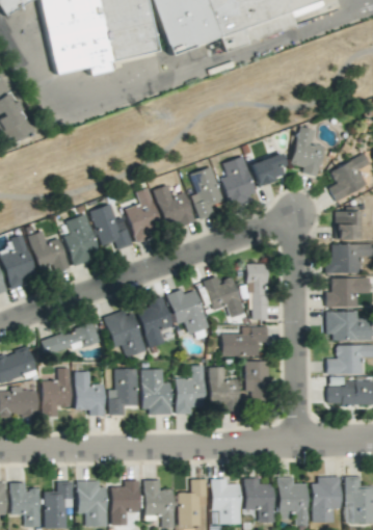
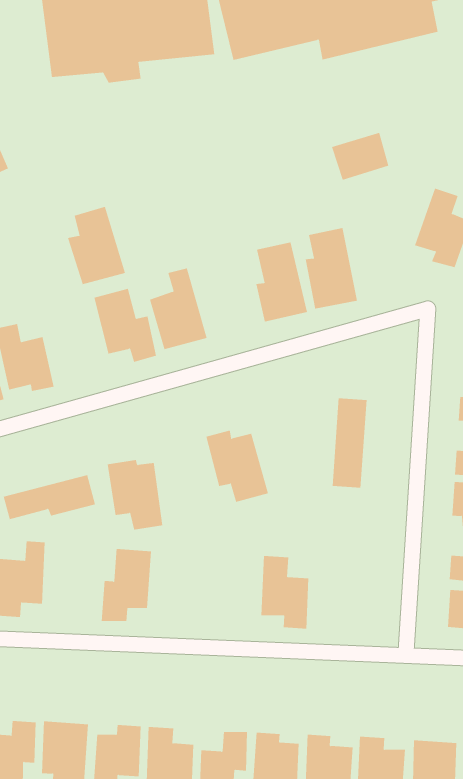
building: [251,153,289,185] -> [331,132,389,181]
building: [155,185,196,227] -> none
building: [63,214,102,265] -> [67,206,126,285]
building: [204,276,246,319] -> none
building: [137,296,174,348] -> none
building: [222,326,269,357] -> none
building: [246,362,269,402] -> none
building: [176,366,206,415] -> none
building: [142,369,171,414] -> none
building: [75,371,106,416] -> none

